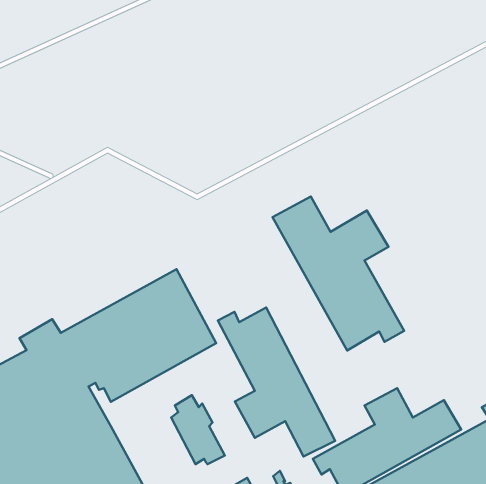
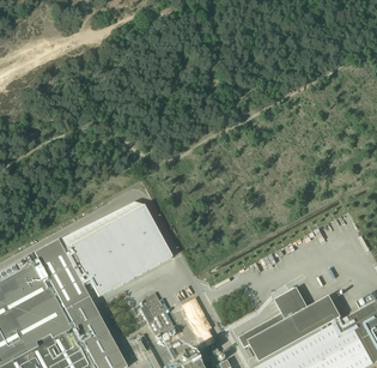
building: [273,197,404,350] -> none
building: [218,307,335,457] -> none

